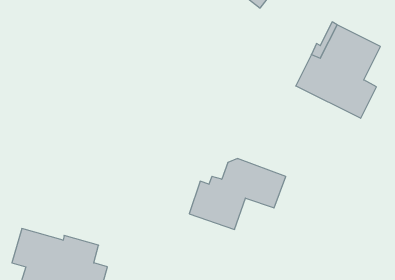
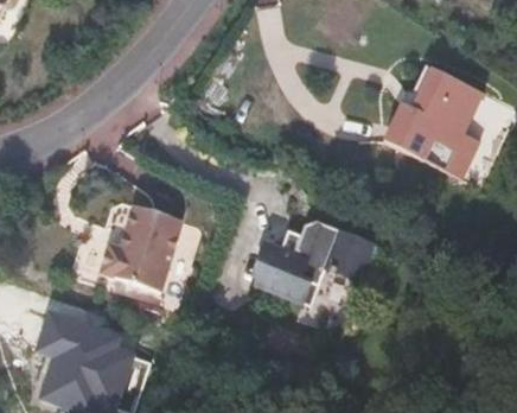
building: none -> [100,212,185,300]

